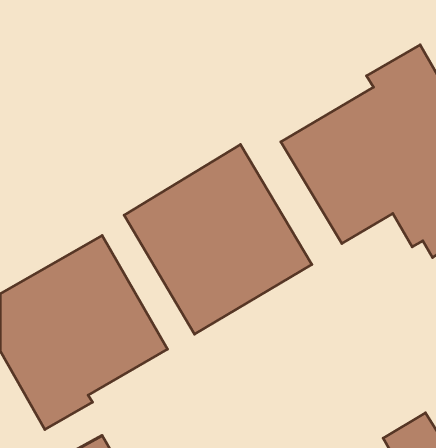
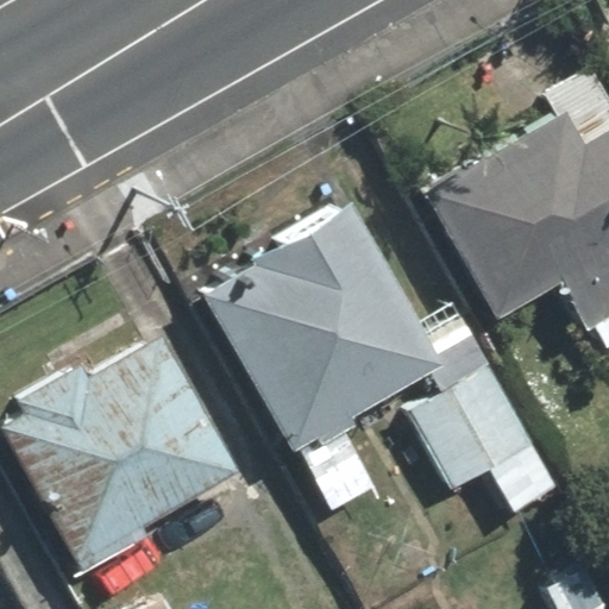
building: none -> [401,365,561,522]

